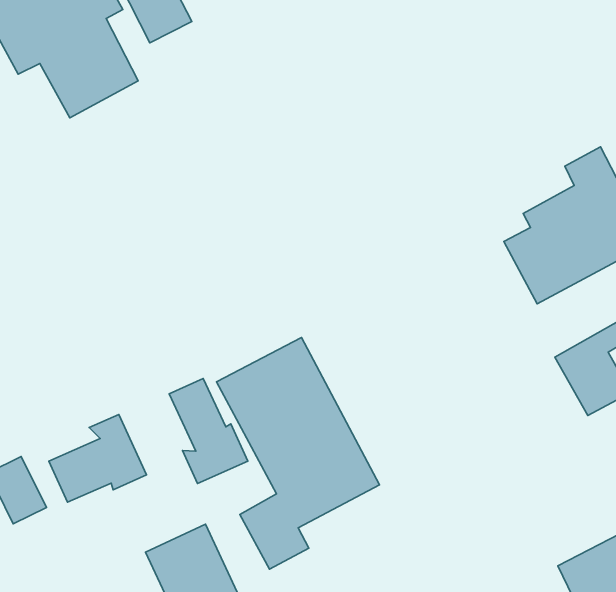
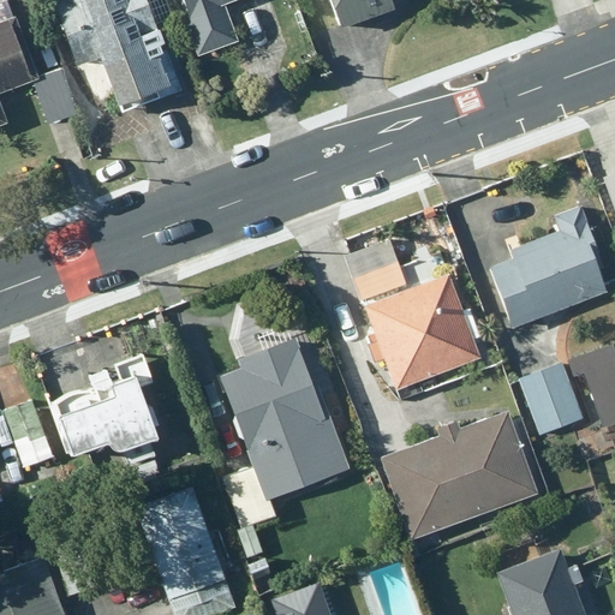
building: none -> [348,241,476,384]
building: [169,378,248,484] -> none
building: none -> [378,412,538,543]

